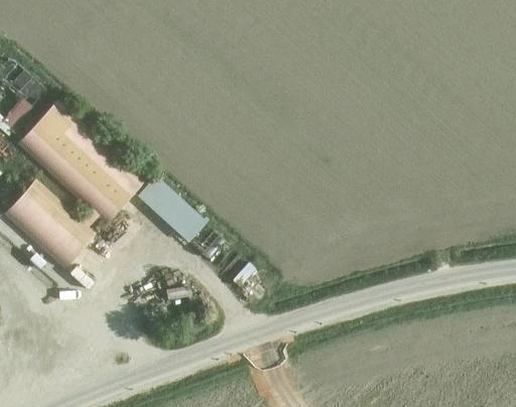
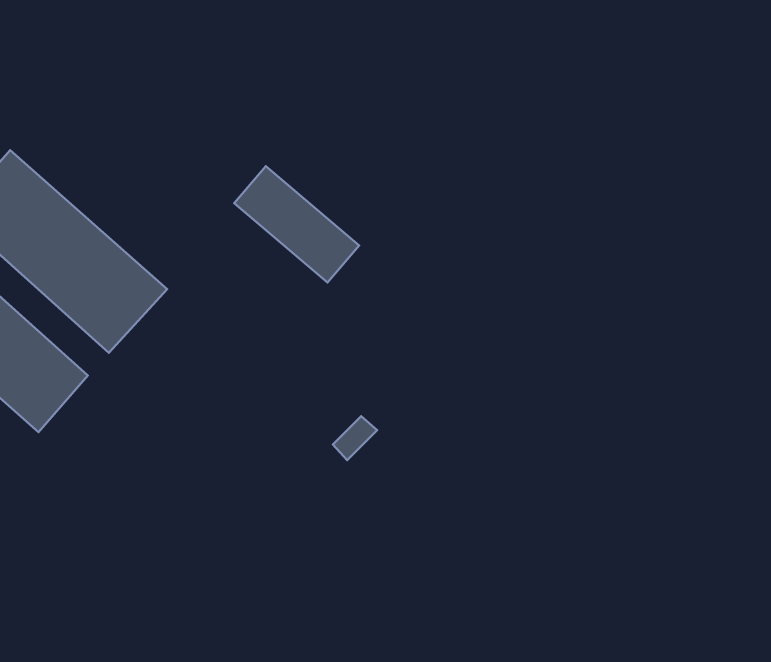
building: [139,172,211,239] -> [234,166,359,282]

